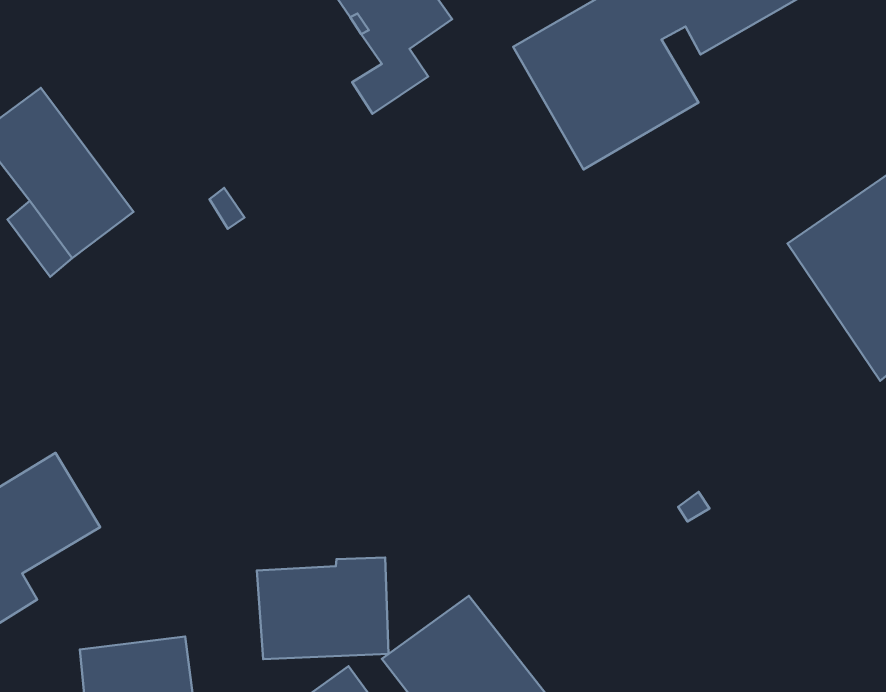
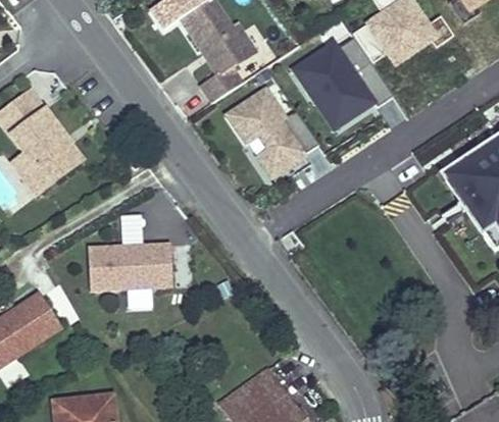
building: none -> [220,77,320,182]
building: none -> [87,213,172,306]
building: [257,557,388,659] -> none

